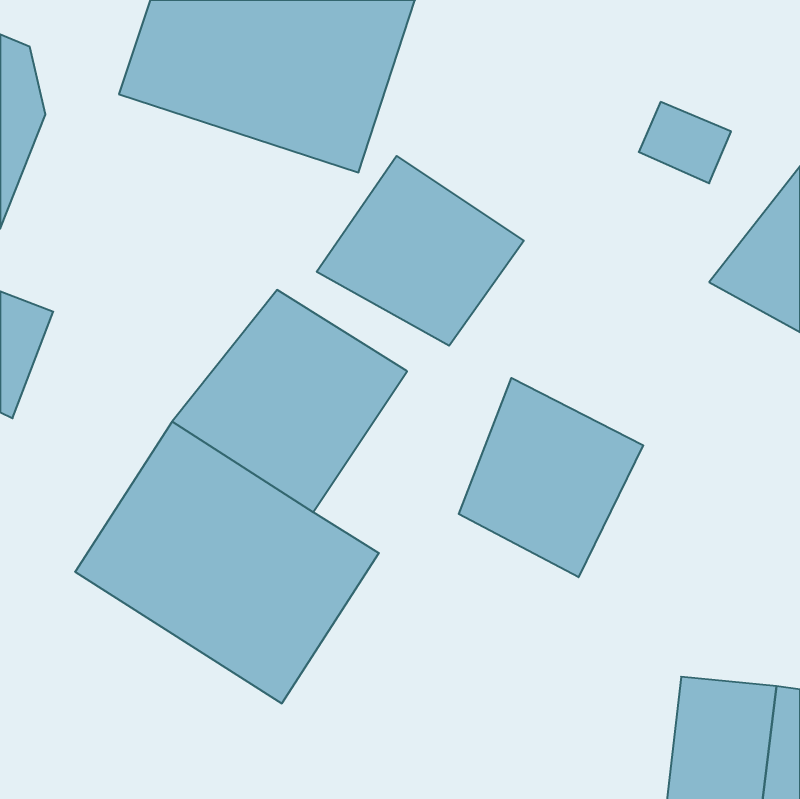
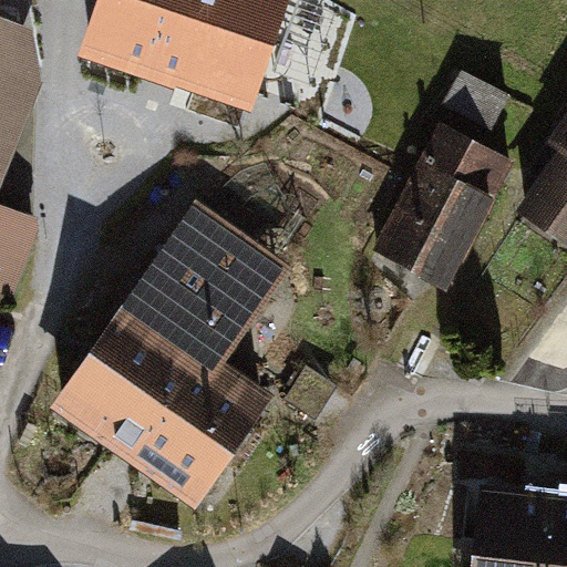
building: [317,156,524,346] -> none
building: none -> [386,121,513,278]
building: [459,378,643,577] -> none

